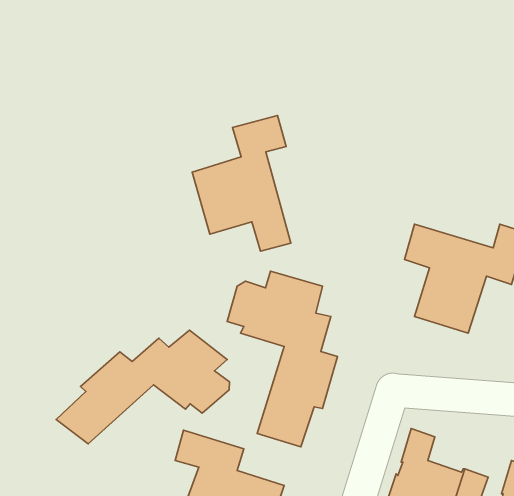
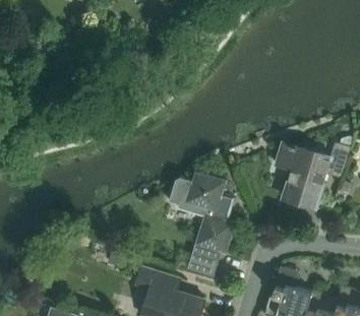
building: [192,116,291,251] -> none
building: [56,330,230,444] -> none

